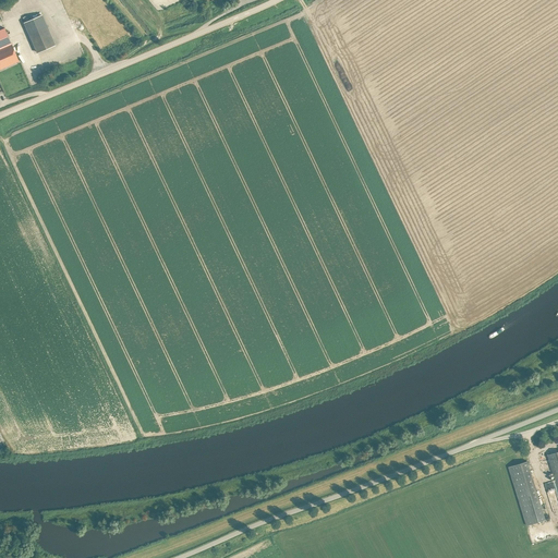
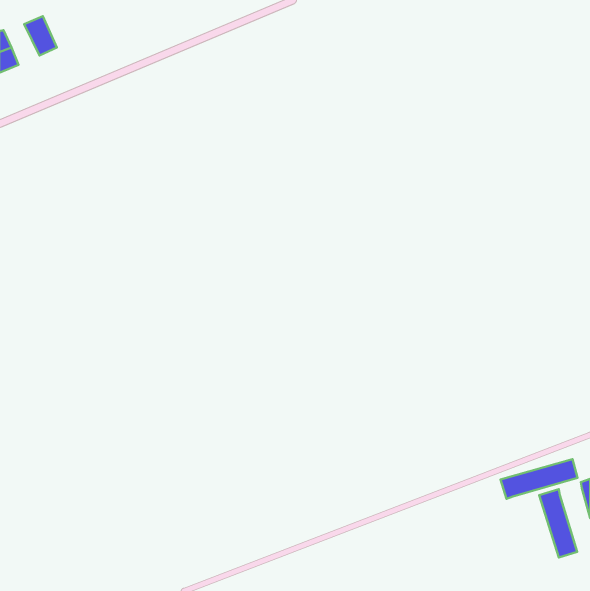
building: none -> [501,459,578,499]

